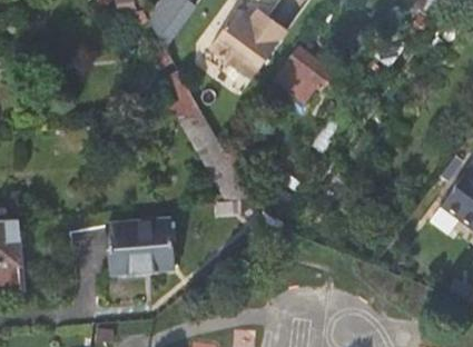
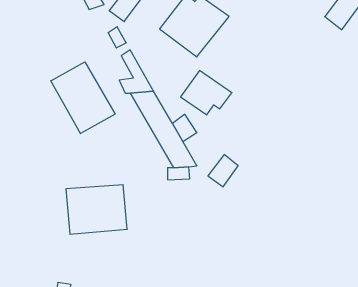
building: [278,47,335,96] -> [181,71,232,115]
building: none -> [51,62,115,134]

